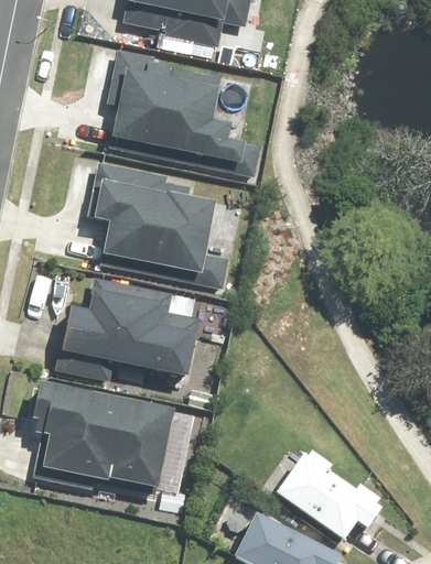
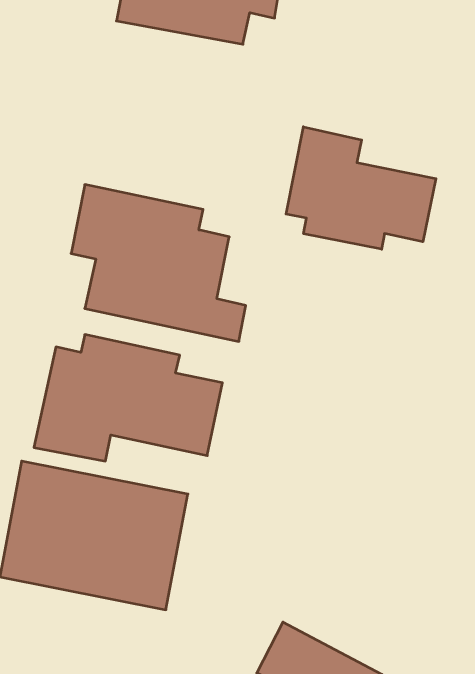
building: [109,48,257,170] -> none
building: none -> [286,127,436,249]
building: [277,454,377,534] -> none

